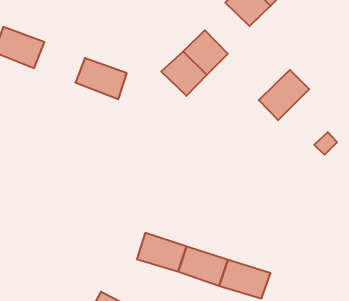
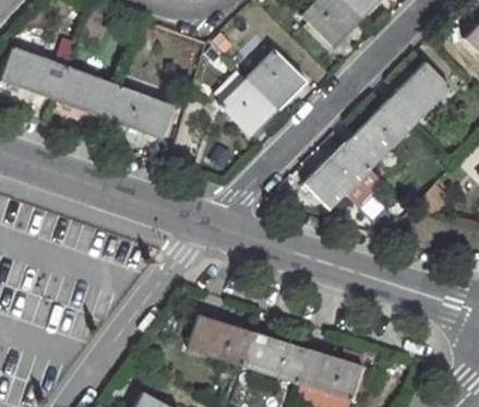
building: none -> [386,61,452,128]
building: none -> [55,67,120,119]
building: none -> [306,142,371,208]

